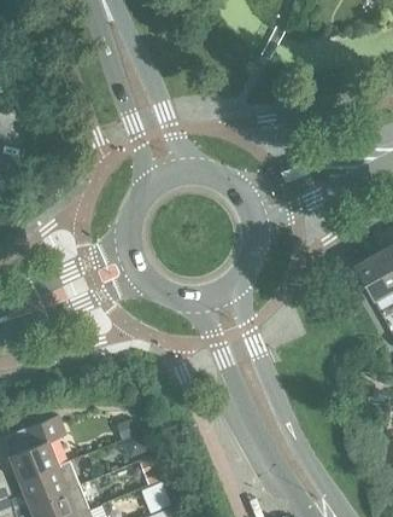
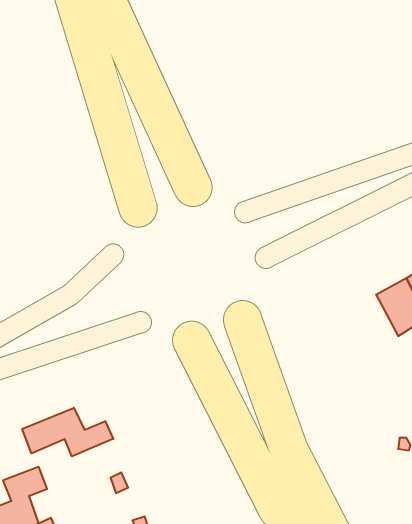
building: none -> [22,408,113,456]

